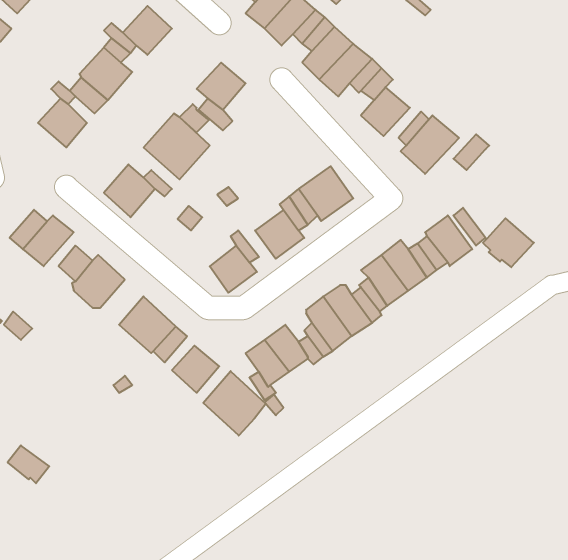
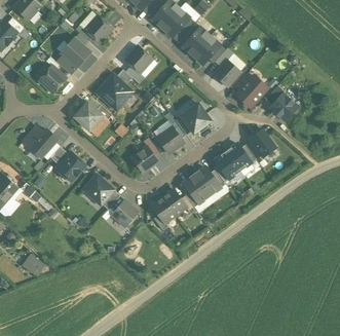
building: [483,218,534,267] -> [269,94,297,120]
building: [203,371,266,436] -> none

